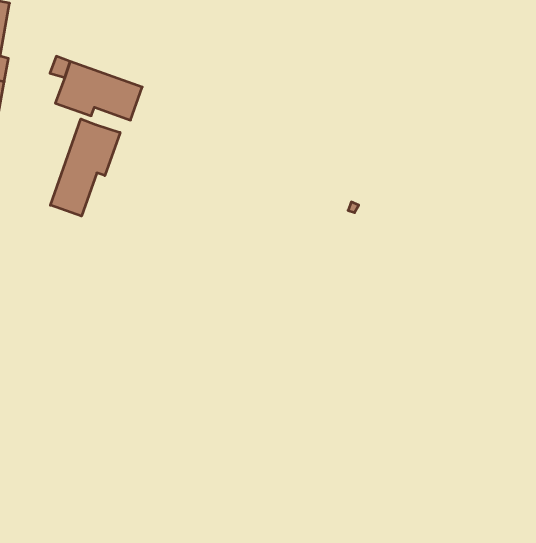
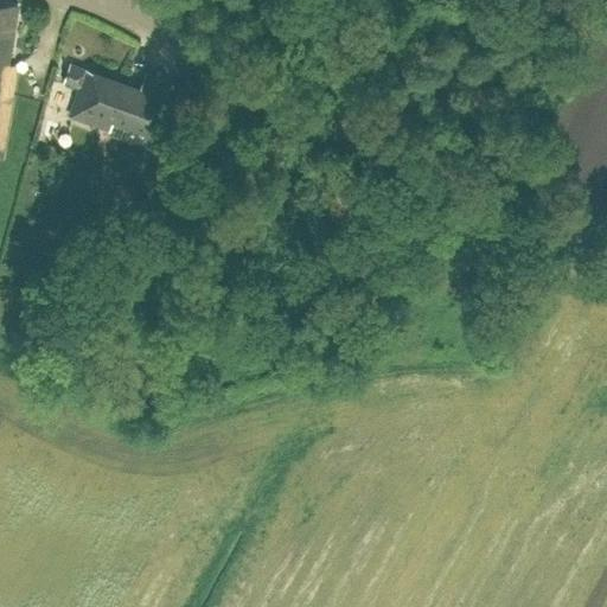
building: [50,119,120,216] -> none

